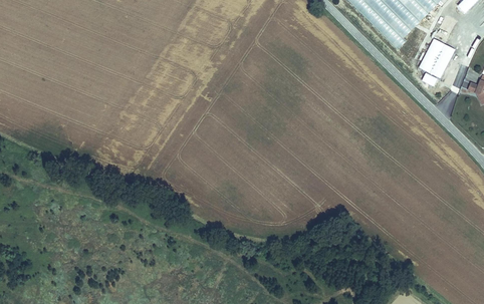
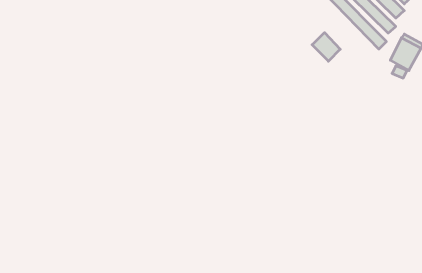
building: none -> [312,33,340,61]

